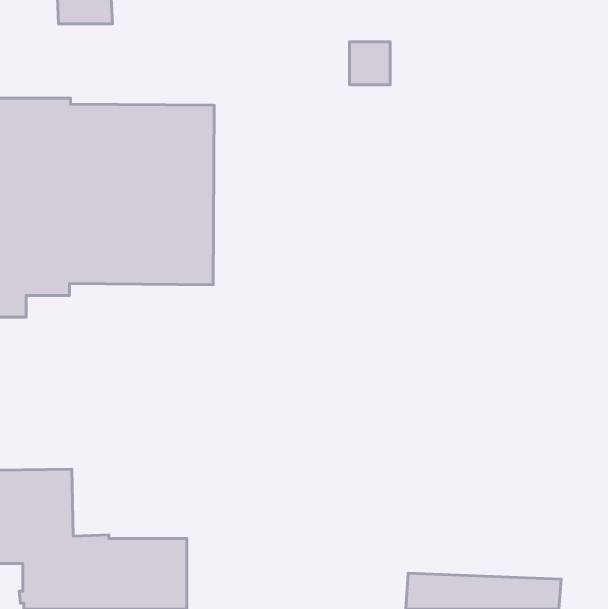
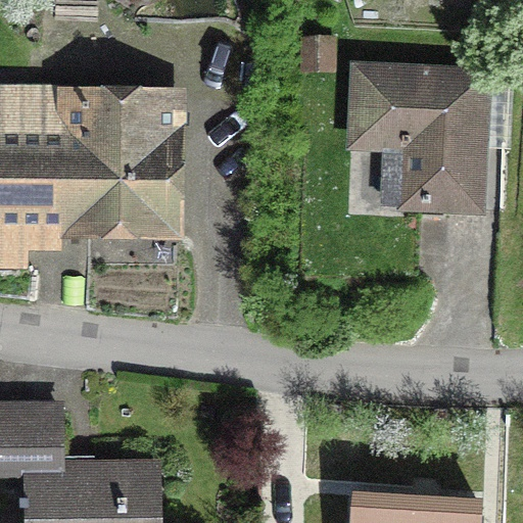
building: none -> [344,61,510,218]

